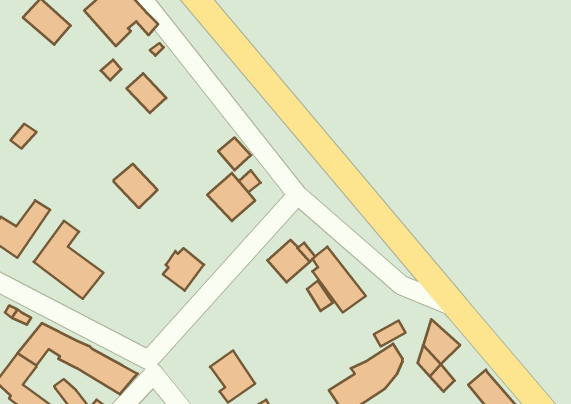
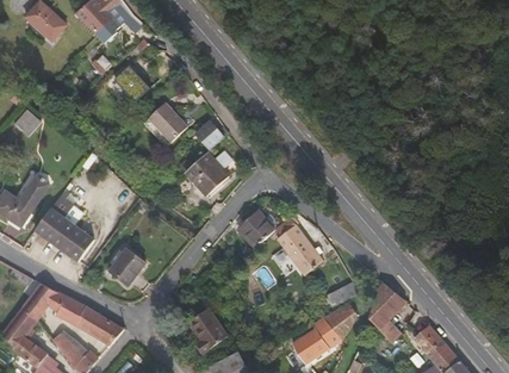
building: [114,164,157,208] -> [148,102,186,141]
building: [163,248,204,291] -> [108,248,144,285]

